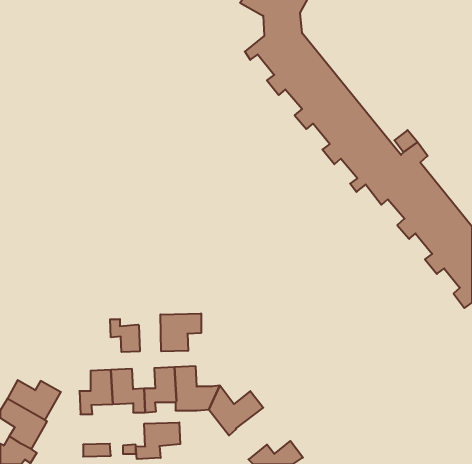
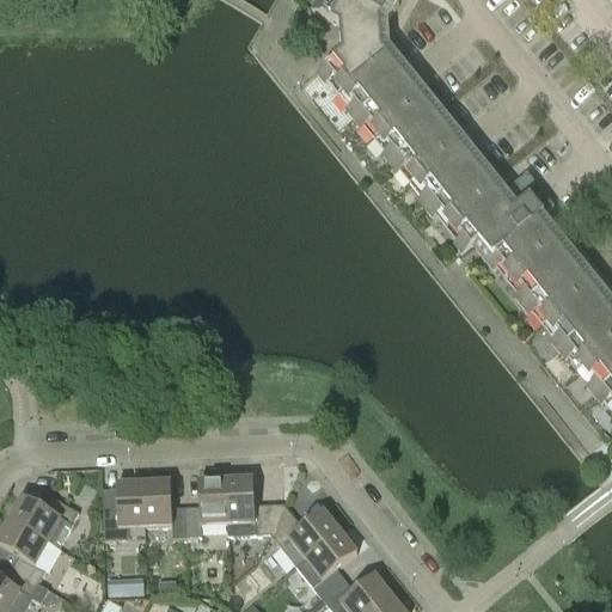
building: [160,313,201,351] -> none
building: [110,319,140,352] -> none
building: none -> [305,528,357,595]
building: [136,422,180,459] -> none

